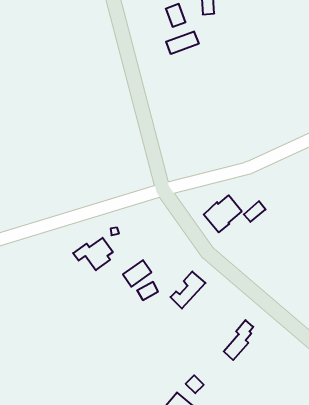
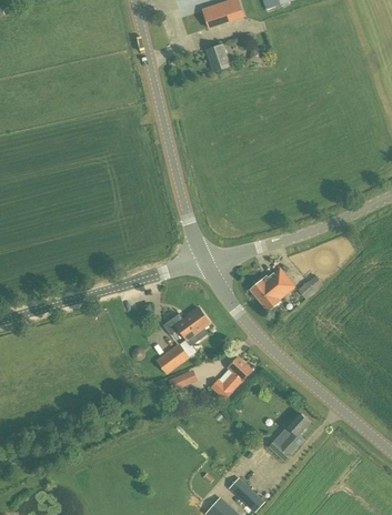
building: [166,31,199,54] -> none
building: [73,238,113,270] -> [164,306,211,344]

